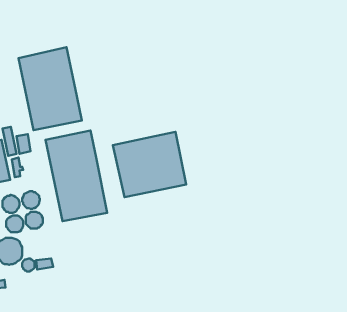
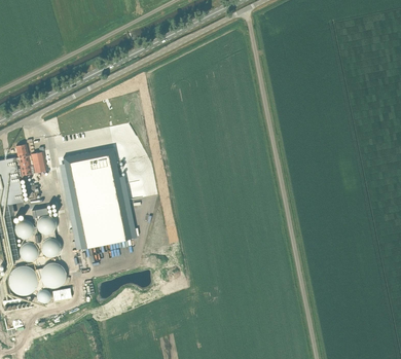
building: [18,47,82,130] -> none
building: [113,132,186,197] -> none
building: none -> [41,262,66,288]

